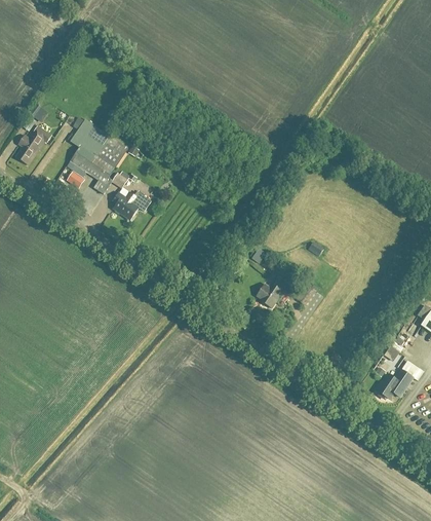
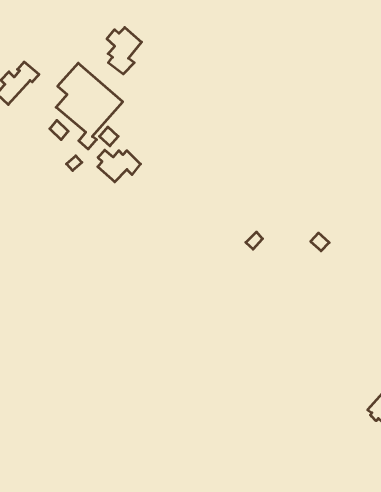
building: none -> [107,27,142,74]
building: [256,273,282,307] -> none

